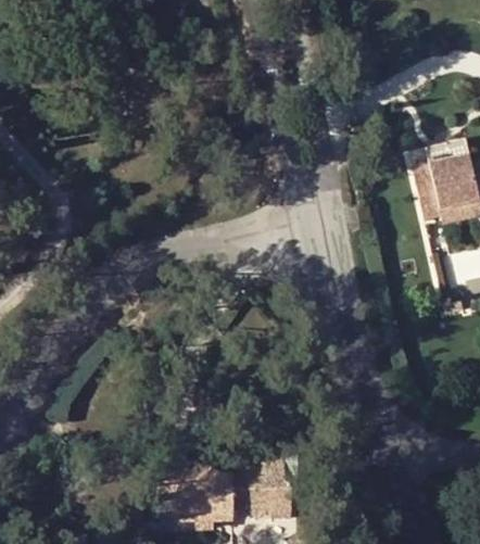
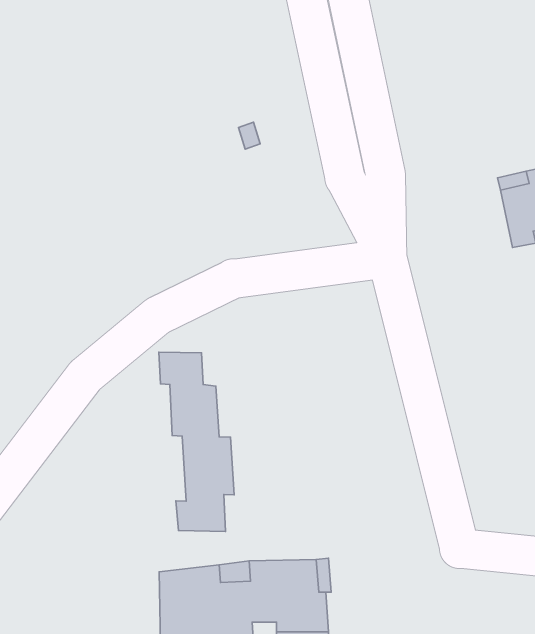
building: none -> [159,352,234,532]

